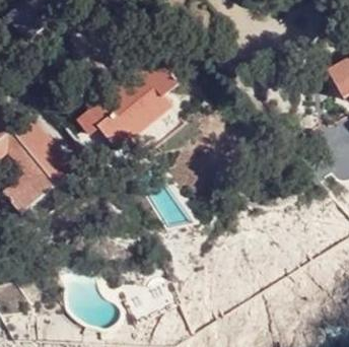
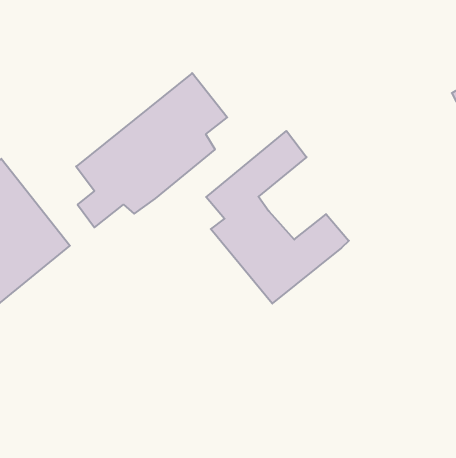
building: none -> [206,131,349,304]

